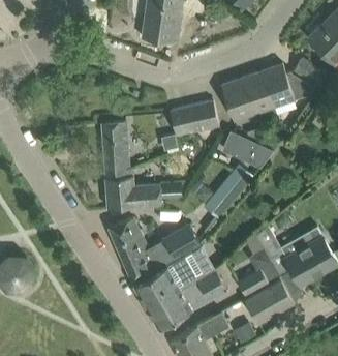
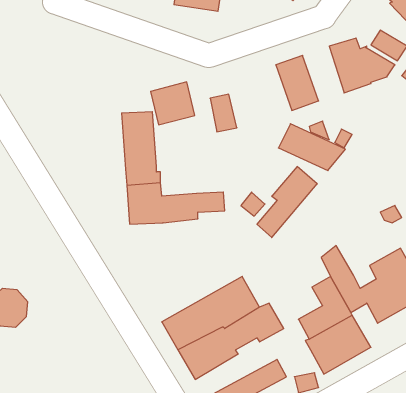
building: [241,71,273,114] -> none
building: [184,101,218,135] -> [151,82,195,125]
building: [107,216,198,281] -> none

